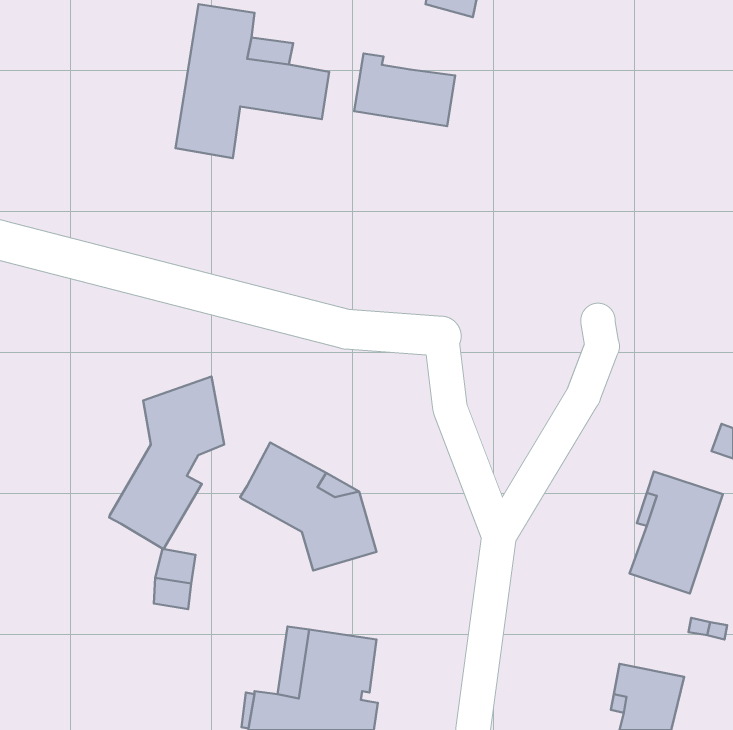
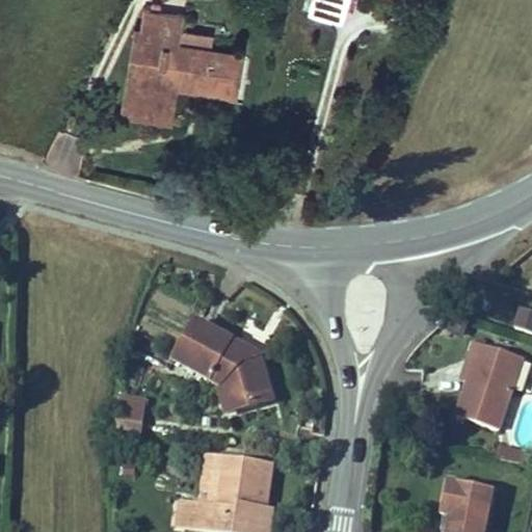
building: [354,53,455,126] -> none
building: [109,376,224,549] -> none

